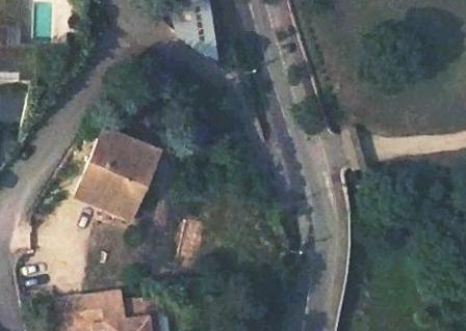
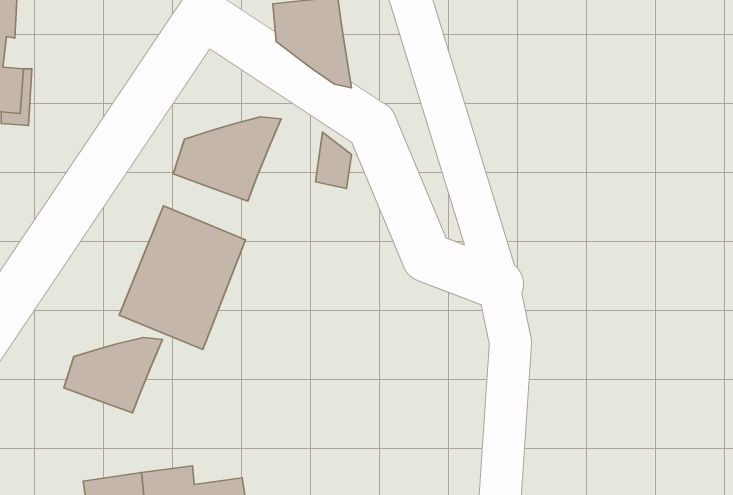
building: none -> [173,117,281,201]
building: none -> [64,337,162,413]

